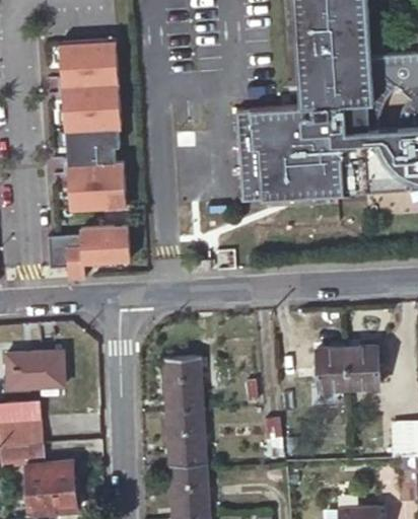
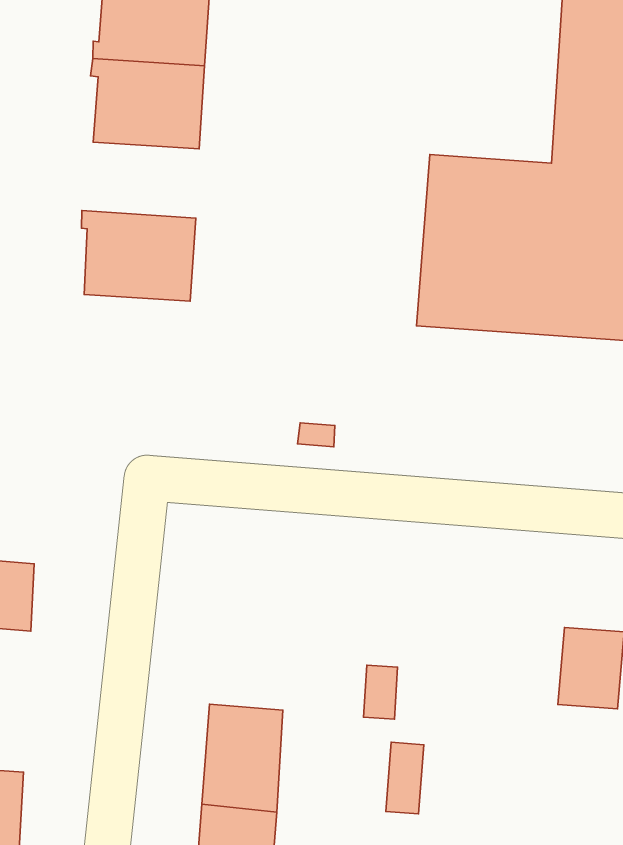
building: [63,125,119,165] -> none
building: [47,226,130,281] -> none
building: [315,349,346,391] -> none
building: [161,357,203,414] -> none

